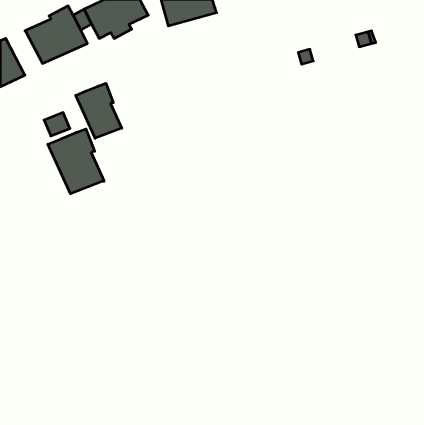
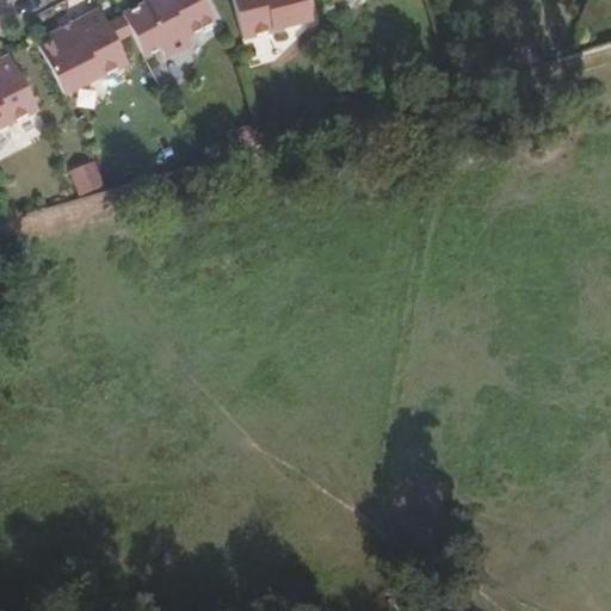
building: [76,83,122,138] -> none
building: [48,129,104,194] -> none

